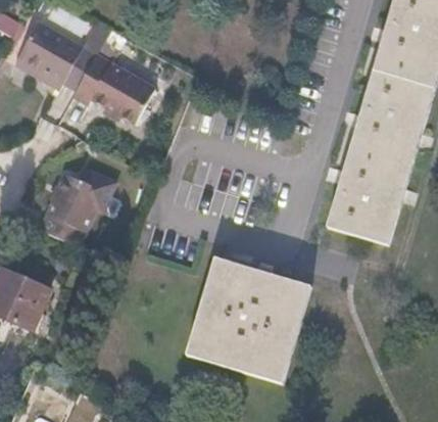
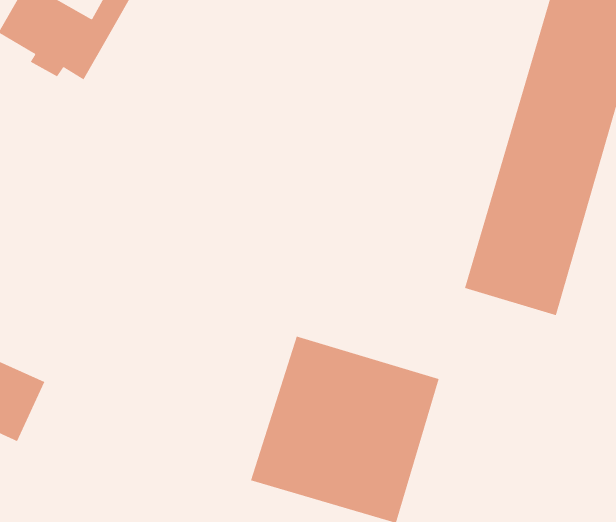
building: [72,55,151,124] -> none
building: [36,171,102,246] -> none

